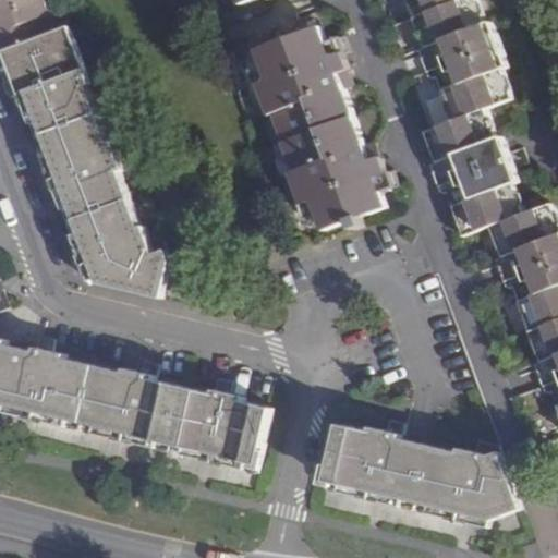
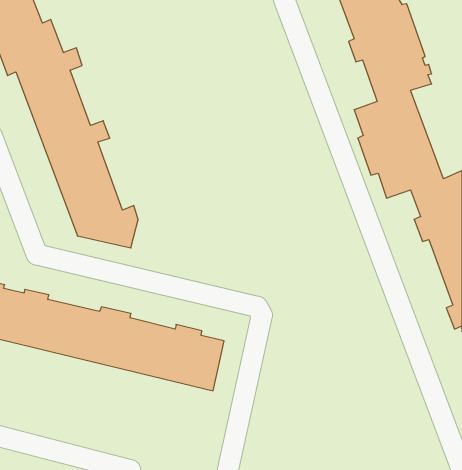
building: [251,23,383,228] -> none
building: [324,434,514,529] -> none

